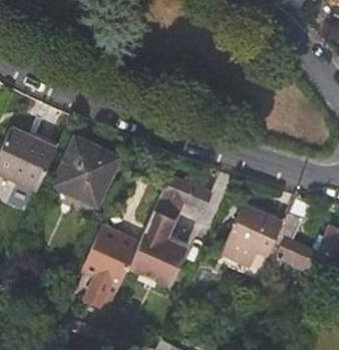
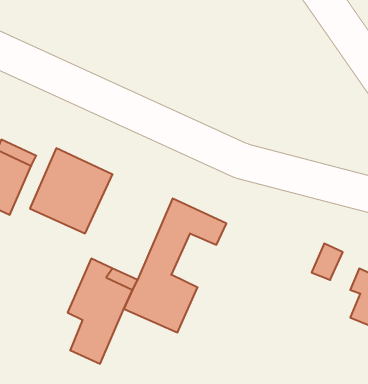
building: [221,206,280,270] -> none
building: [270,236,317,272] -> none

